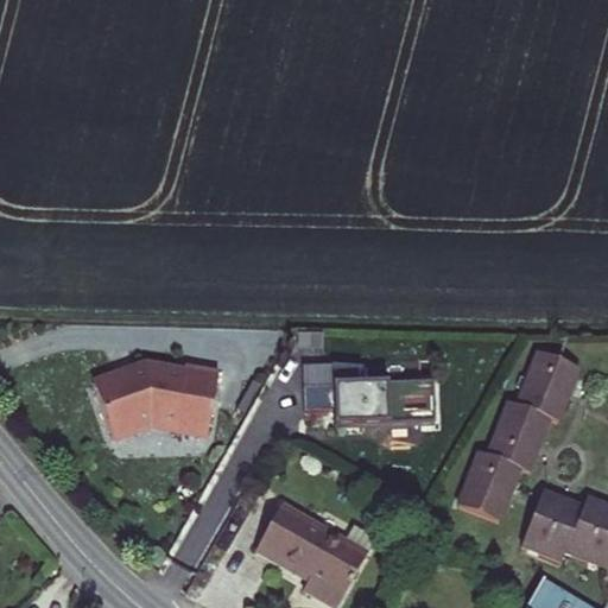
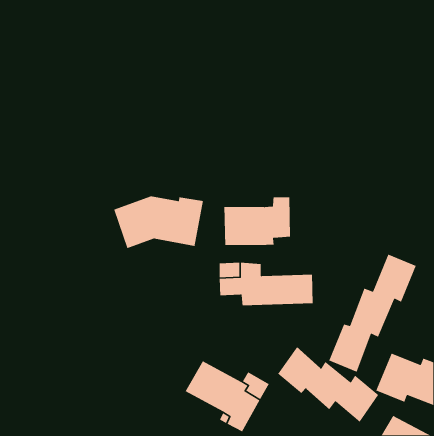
building: none -> [223,197,291,246]
building: [93,363,218,438] -> [113,196,204,249]
building: none -> [277,346,379,423]

